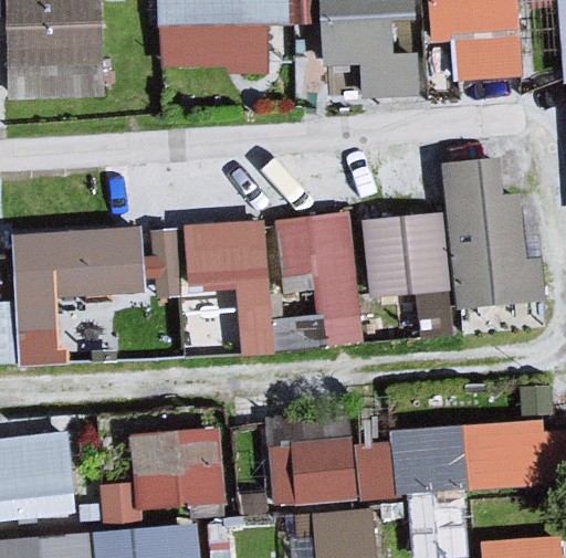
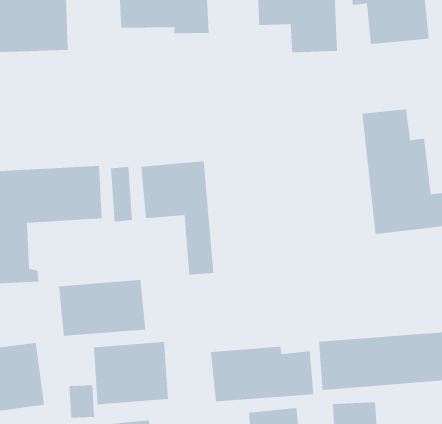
building: [272,215,360,346] -> none
building: [366,215,452,337] -> none
building: none -> [59,279,146,337]

